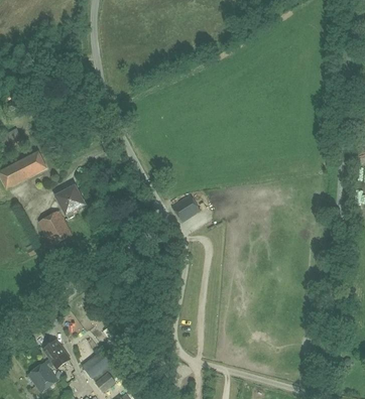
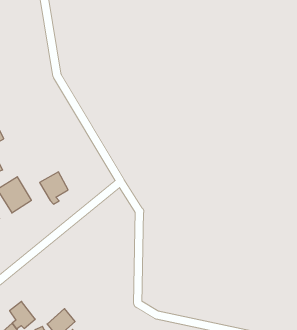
building: [55,184,85,218] -> [40,172,68,204]
building: [171,194,200,222] -> none

